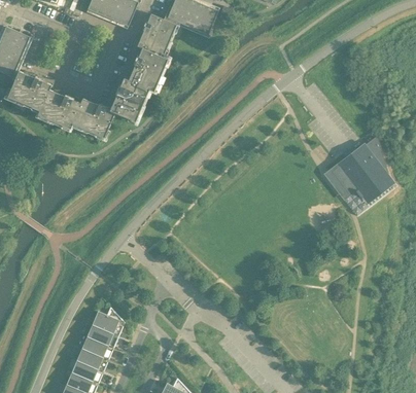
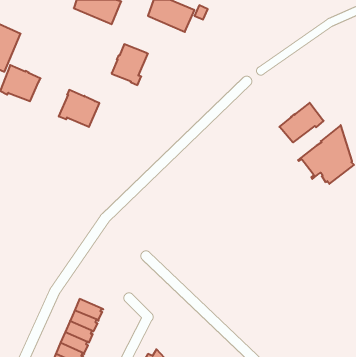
building: [136,13,176,58] -> none
building: [109,77,148,122] -> none
building: [36,90,80,129] -> none
building: none -> [279,103,324,142]
building: [93,307,123,335] -> none

